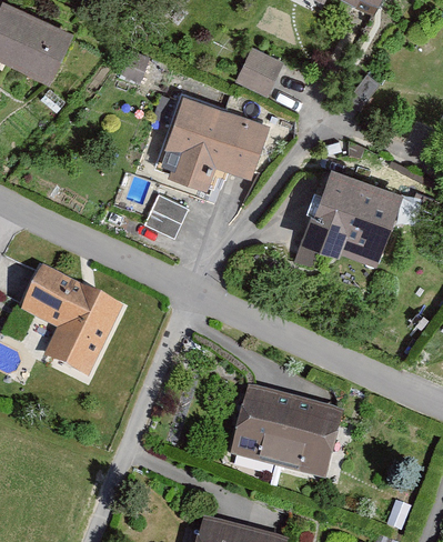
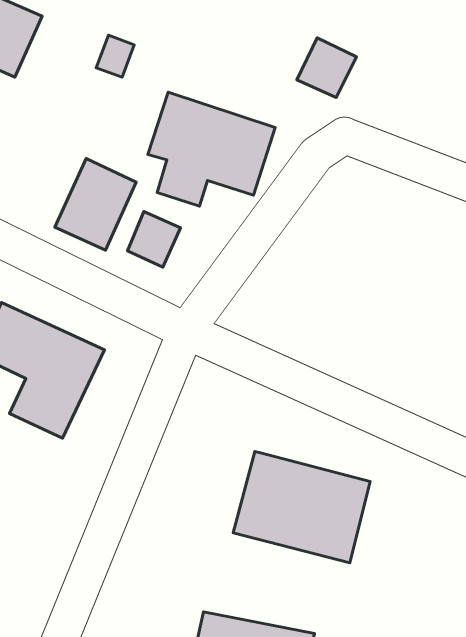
building: [232,46,281,94] -> [297,38,357,97]
building: none -> [55,159,136,250]
building: [306,172,404,257] -> none

